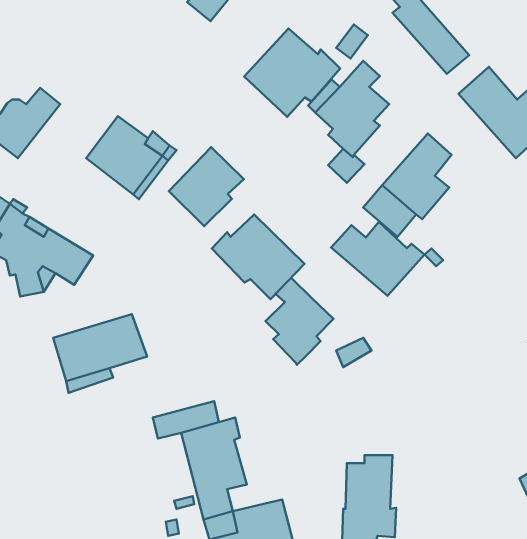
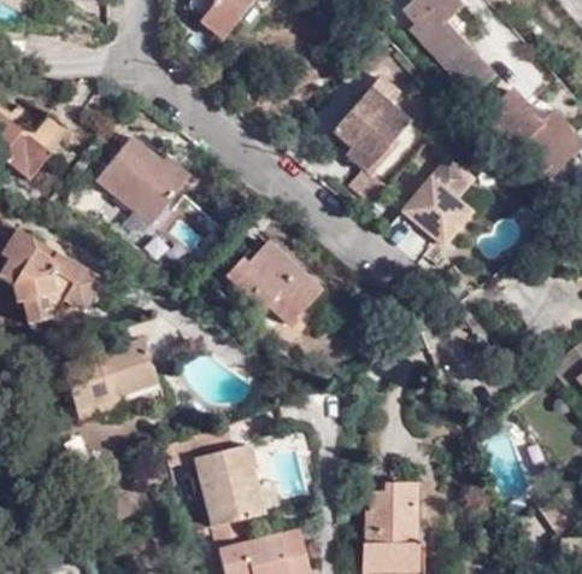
building: [244,29,340,117] -> none
building: [169,147,244,226] -> none
building: [331,222,424,296] -> none
building: [265,278,334,365] -> none

